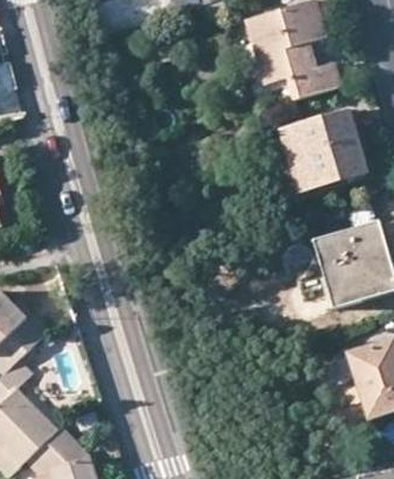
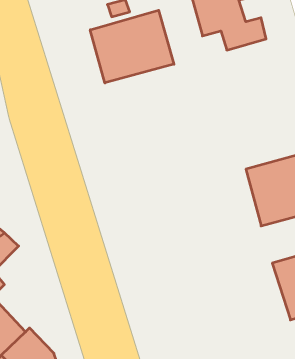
building: none -> [90,10,174,83]
building: [281,109,364,188] -> none

